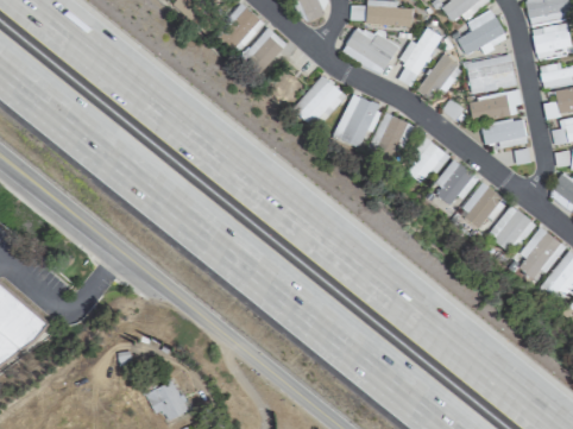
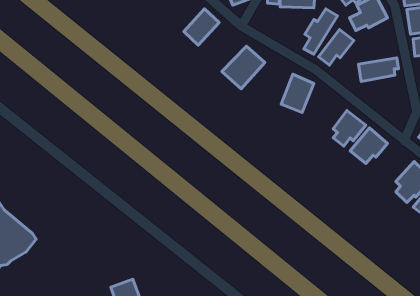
building: [342,25,397,74] -> none
building: [466,53,517,94] -> none
building: [333,93,383,150] -> none
building: [481,118,528,147] -> none
building: [403,138,451,184] -> none
building: [487,204,535,253] -> none

